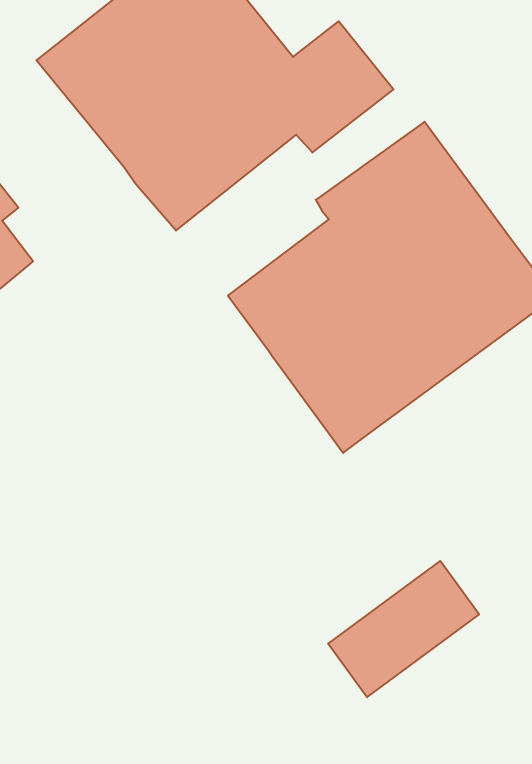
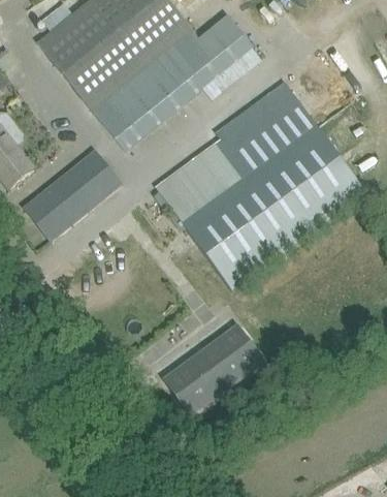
building: none -> [24,151,120,240]
building: [328,561,479,697] -> [164,328,260,414]

